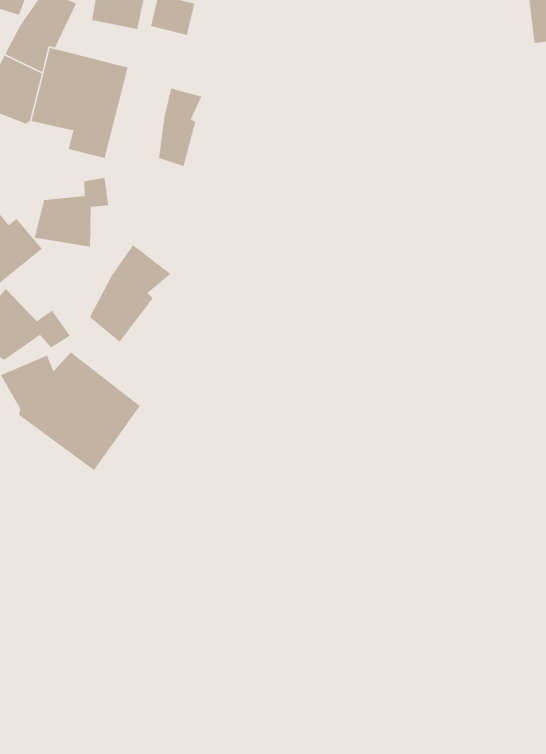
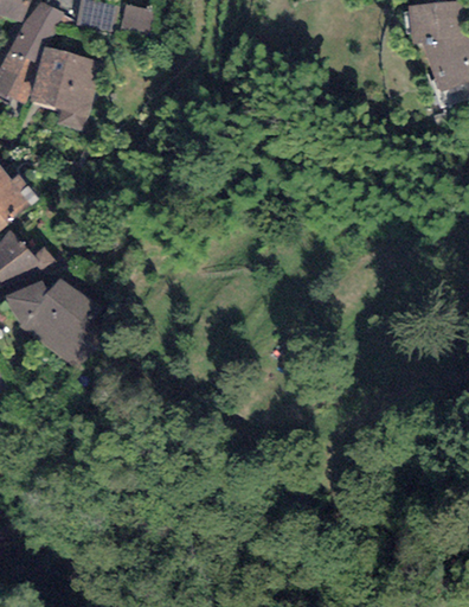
building: [158,87,203,167] -> none
building: [34,177,109,248] -> none
building: [89,244,172,343] -> none

